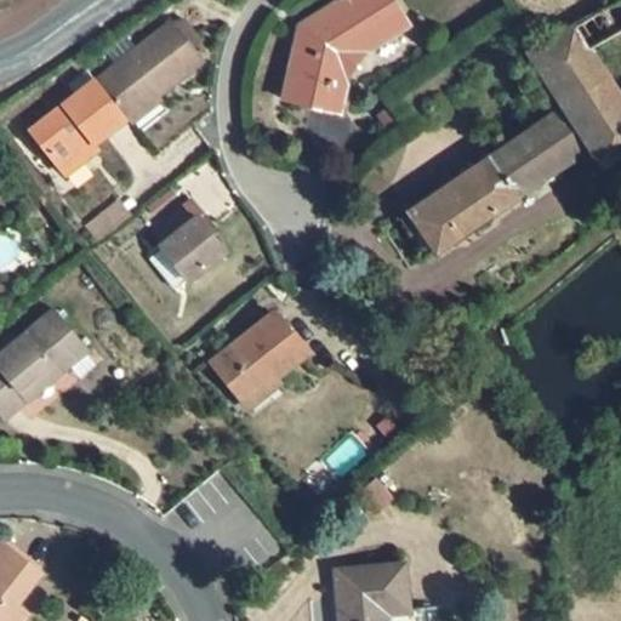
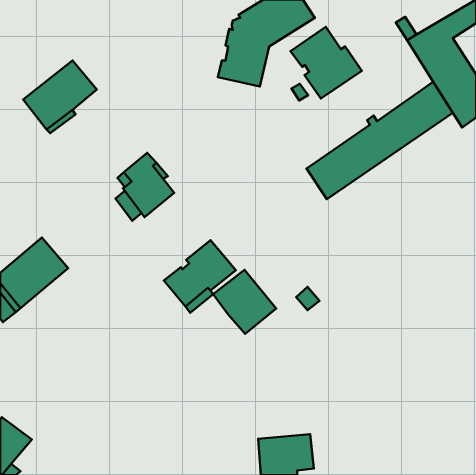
building: [95,21,205,118] -> none
building: none -> [291,27,362,99]
building: none -> [213,270,276,334]

